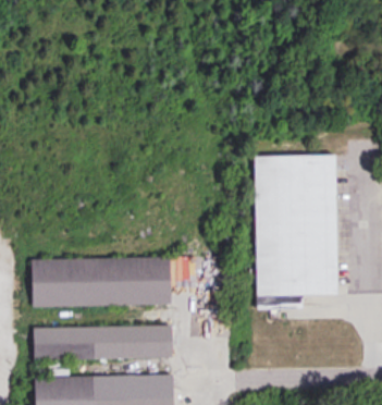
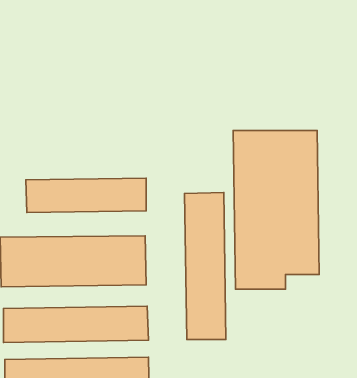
building: none -> [26,178,146,213]
building: none -> [185,192,226,339]

